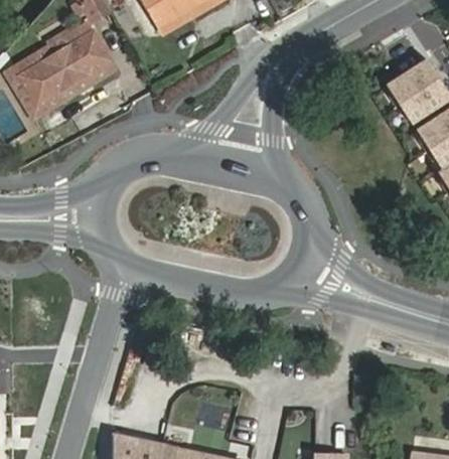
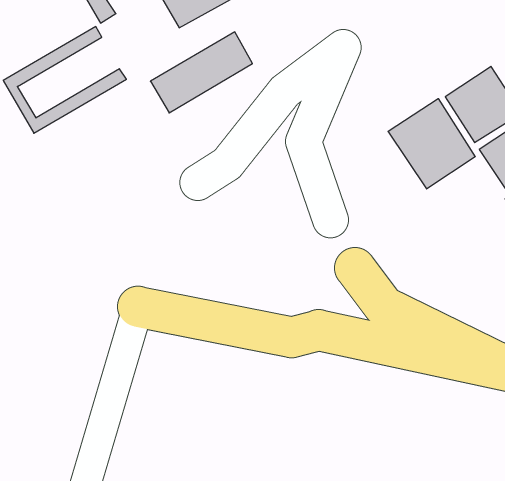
building: [19,32,107,102] -> [150,32,252,113]
building: none -> [388,99,475,189]

